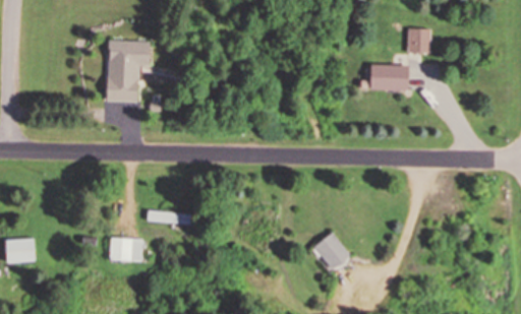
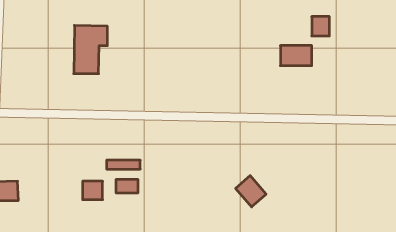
building: none -> [116,179,138,193]

